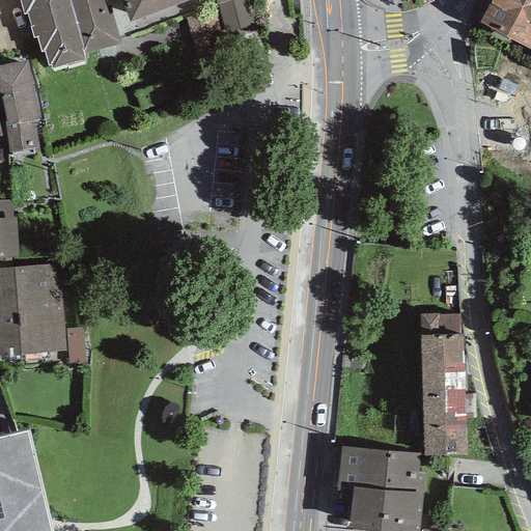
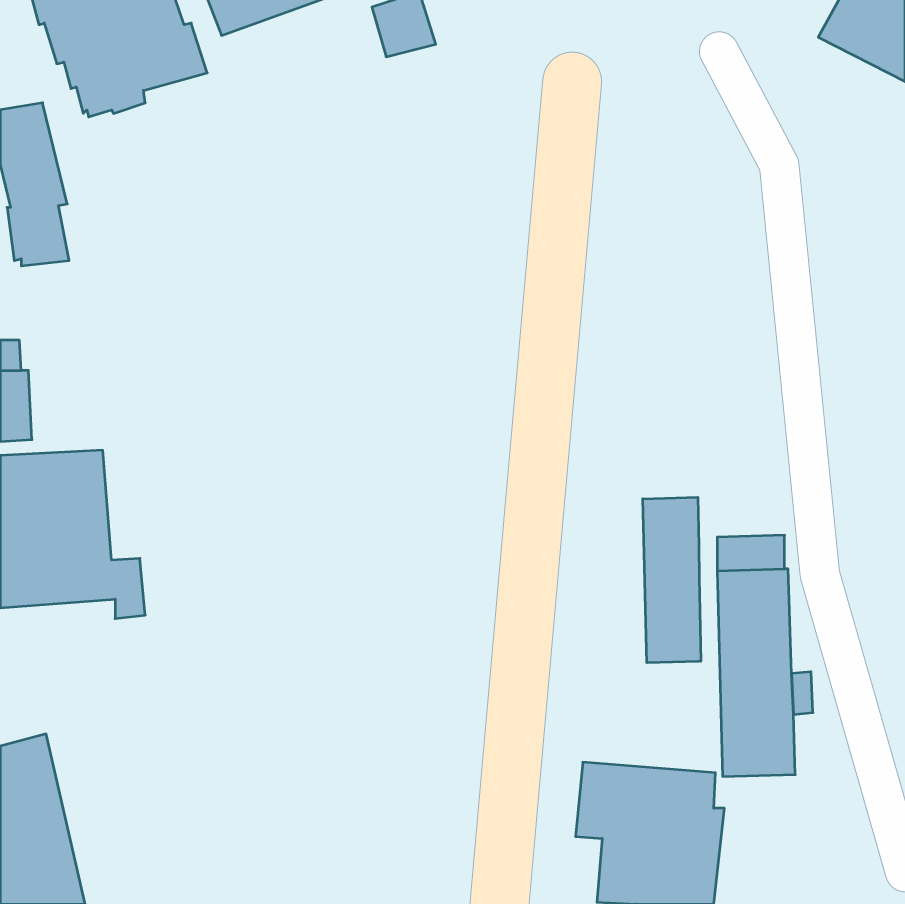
building: none -> [643,497,701,663]

